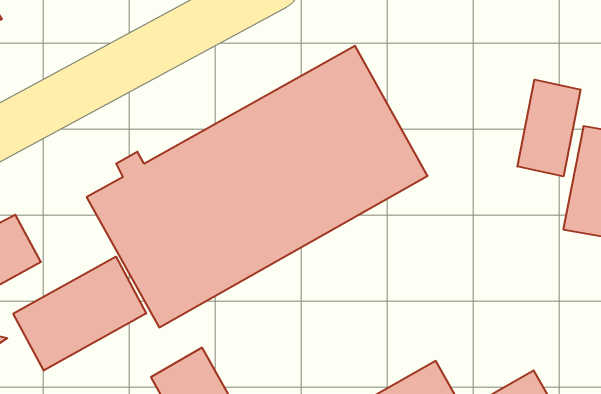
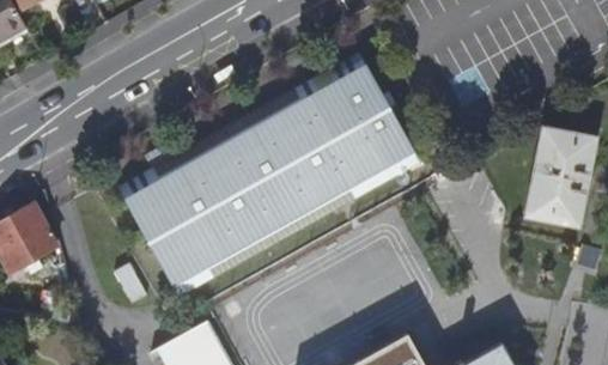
building: [517,80,580,176] -> none
building: [13,257,146,371] -> none

